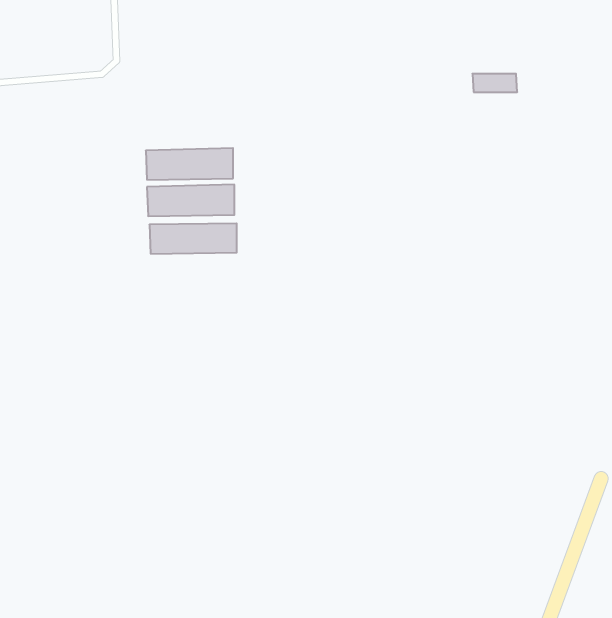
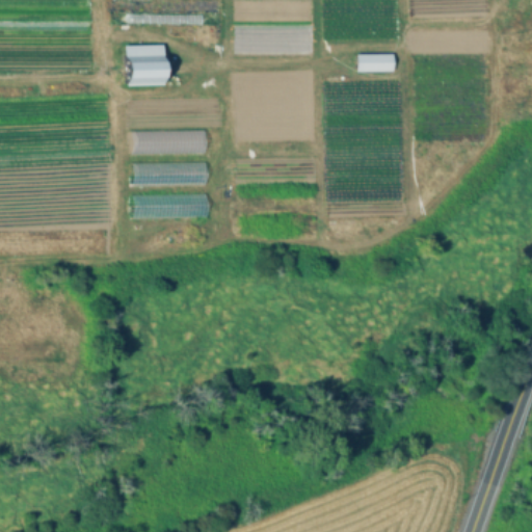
building: none -> [126,45,166,85]
building: [472,74,517,92] -> [357,55,396,71]

